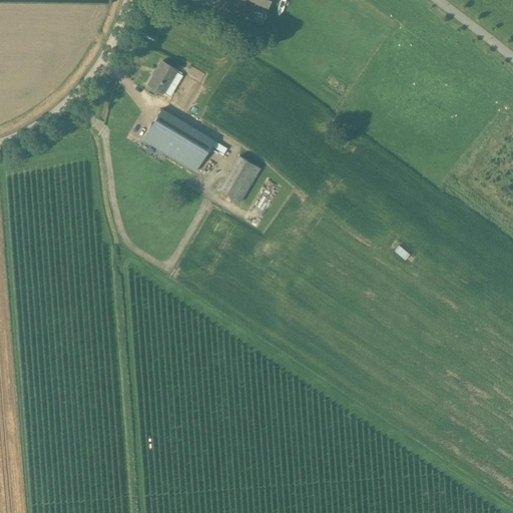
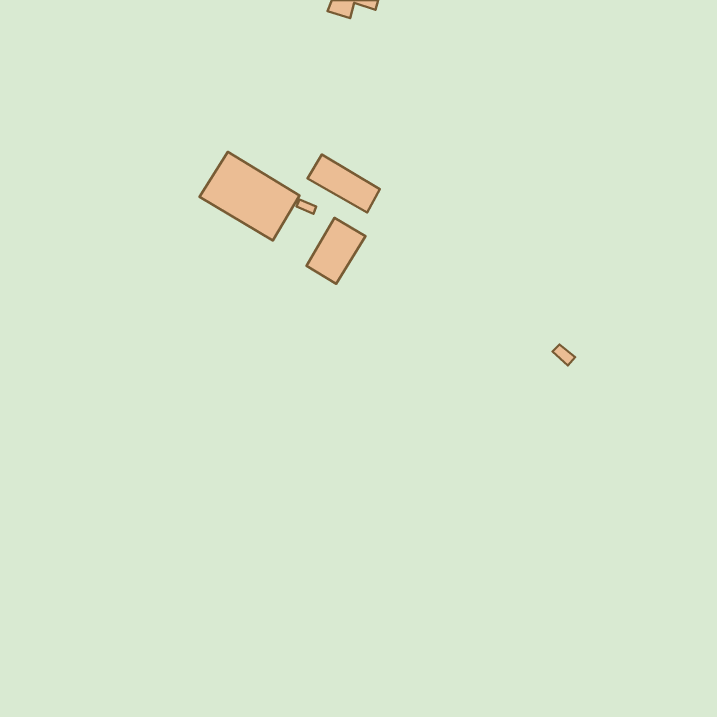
building: [149,62,177,94] -> none
building: none -> [308,155,380,213]

